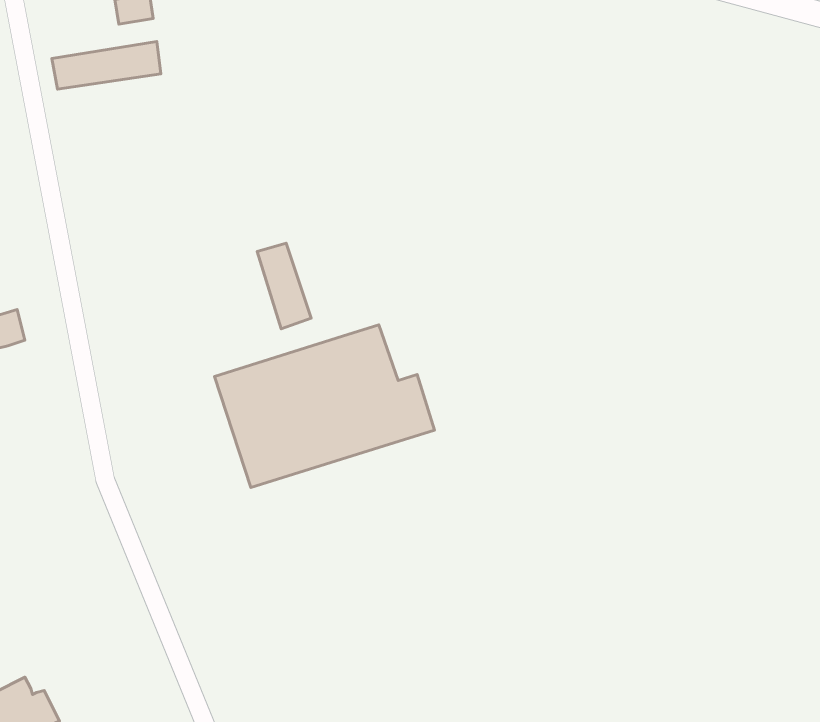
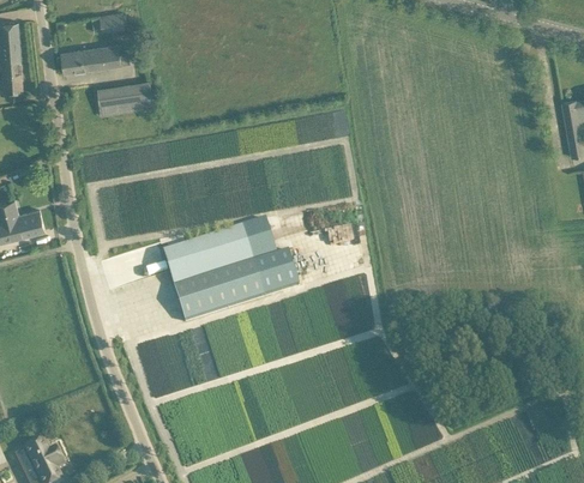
building: none -> [98,79,155,115]
building: [257,243,311,329] -> none

